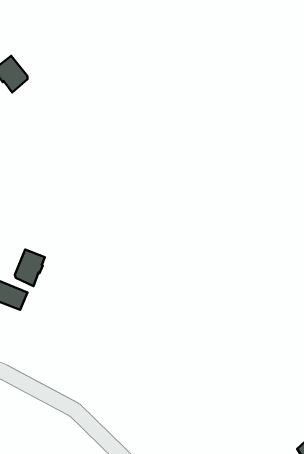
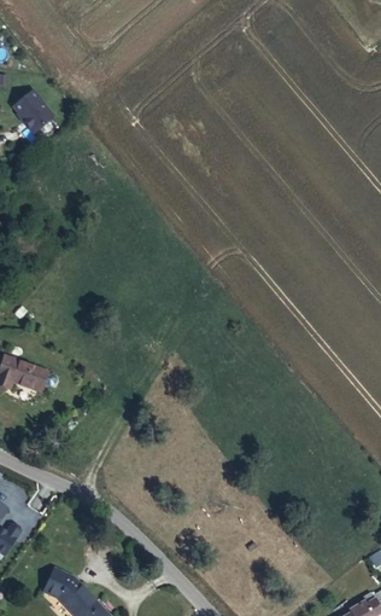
building: [15,250,45,286] -> none

